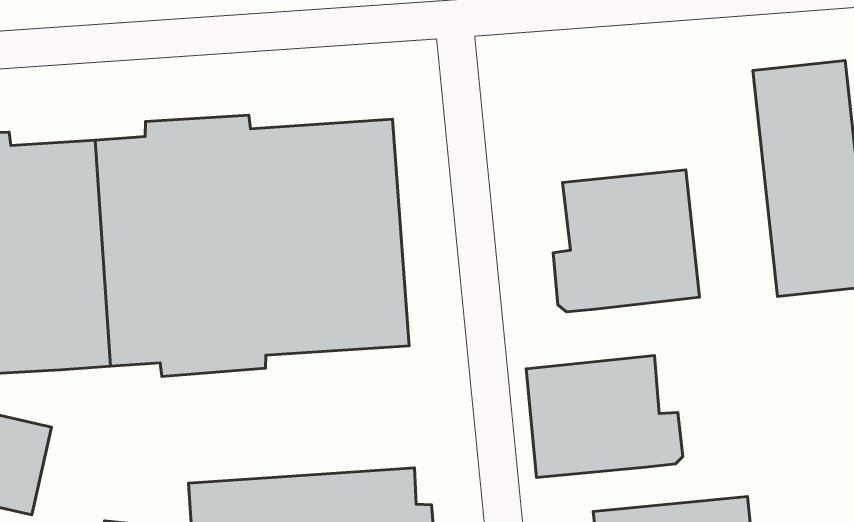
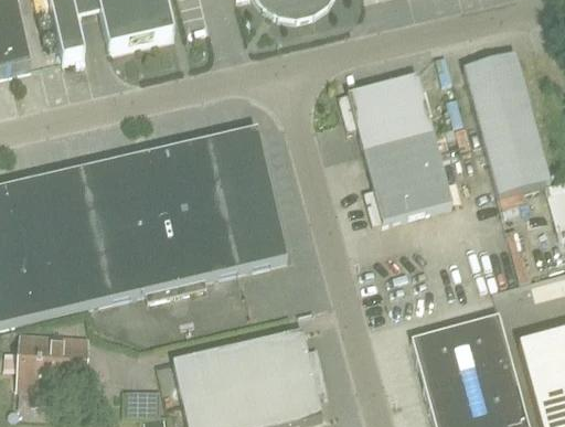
building: none -> [339,73,433,148]
building: [526,356,683,477] -> none

